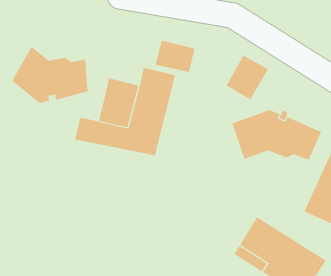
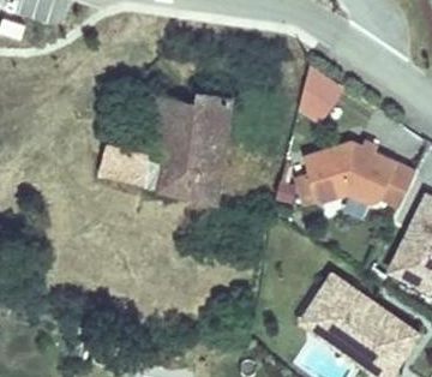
building: [155,40,195,73] -> none
building: [11,46,88,104] -> none

